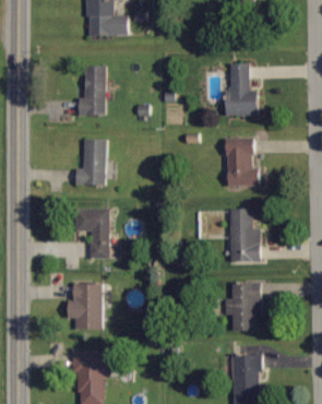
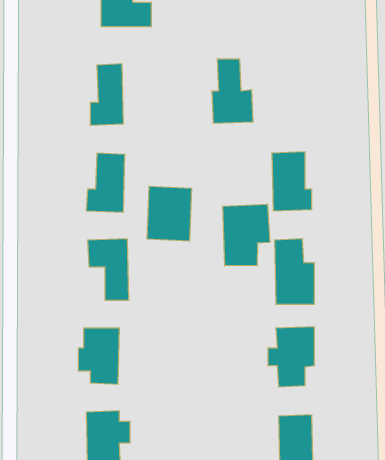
building: [226,64,260,117] -> [212,59,253,123]
building: none -> [147,186,191,241]
building: none -> [223,204,270,266]

